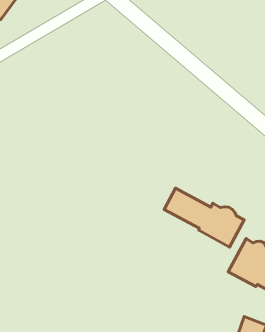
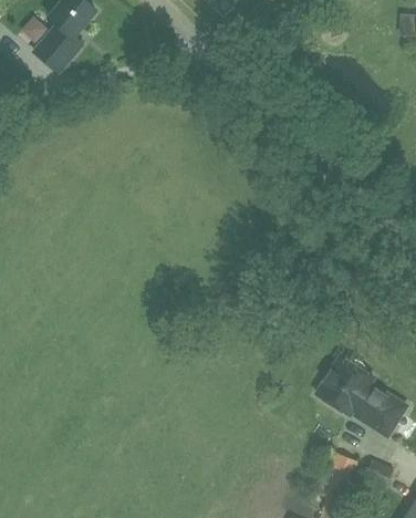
building: [164,188,244,247] -> none

